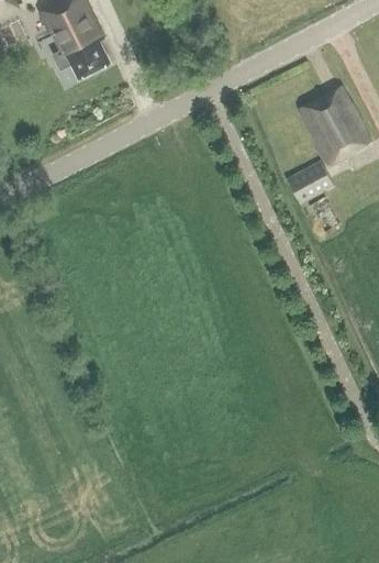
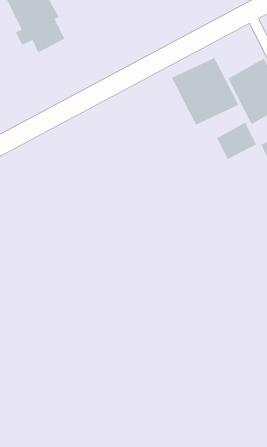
building: none -> [171,57,239,126]

